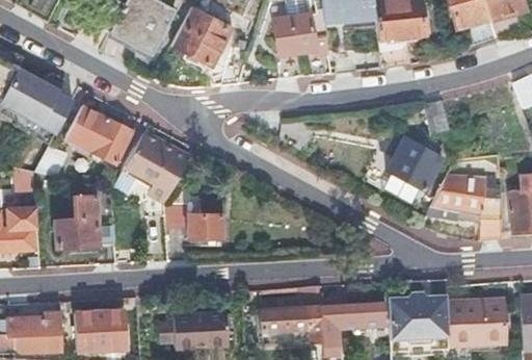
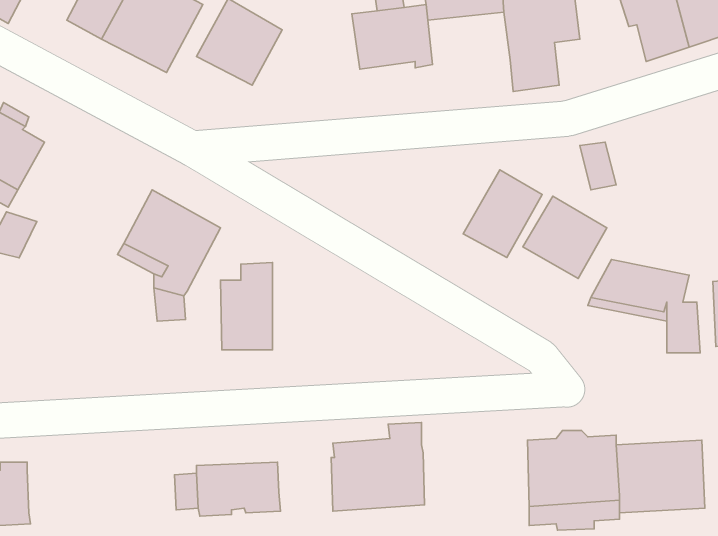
building: [68,105,132,162] -> none
building: none -> [463,170,542,257]
building: [57,190,115,248] -> none
building: [320,297,384,354] -> none
building: [74,309,126,349] -> none

